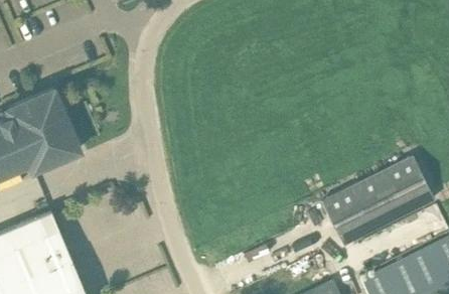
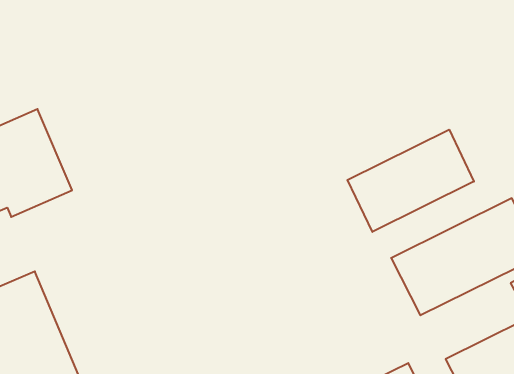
building: none -> [347,130,474,232]

